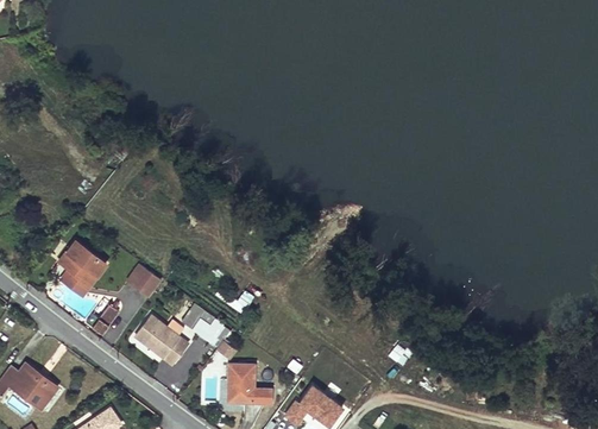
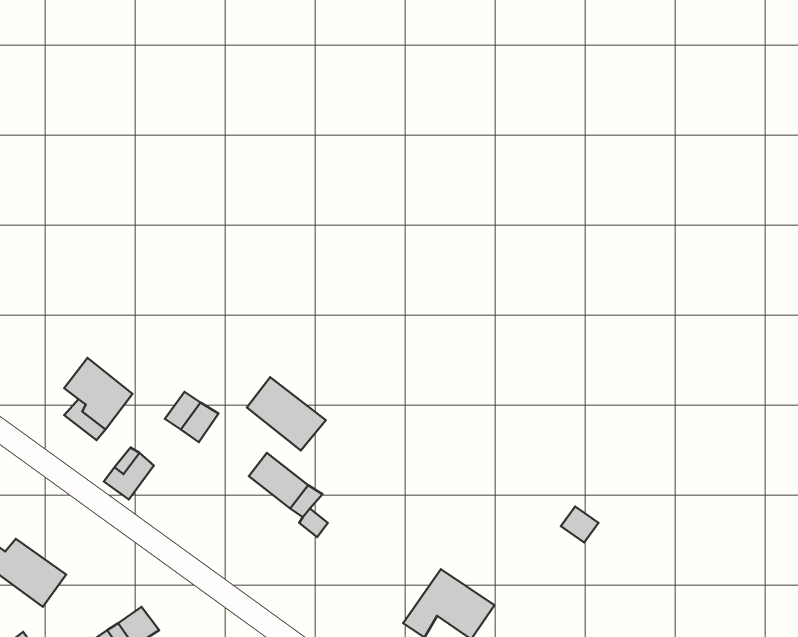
building: [134,317,187,366] -> [247,377,326,451]
building: [226,366,264,404] -> none

